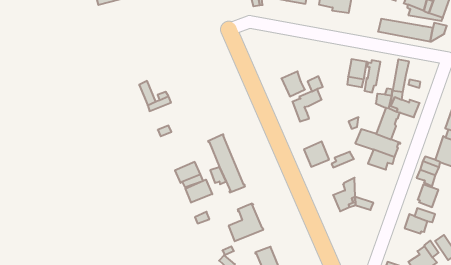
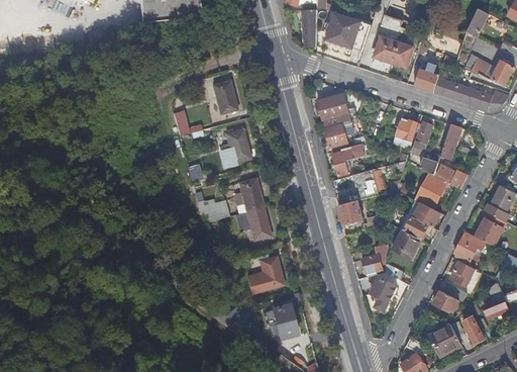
building: none -> [414,62,439,92]
building: none -> [319,92,358,126]
building: none -> [212,79,237,113]
building: none -> [221,128,250,167]
building: none -> [353,166,387,198]
building: none -> [393,229,422,258]
building: [185,180,212,203] -> none
building: none -> [372,279,398,310]

